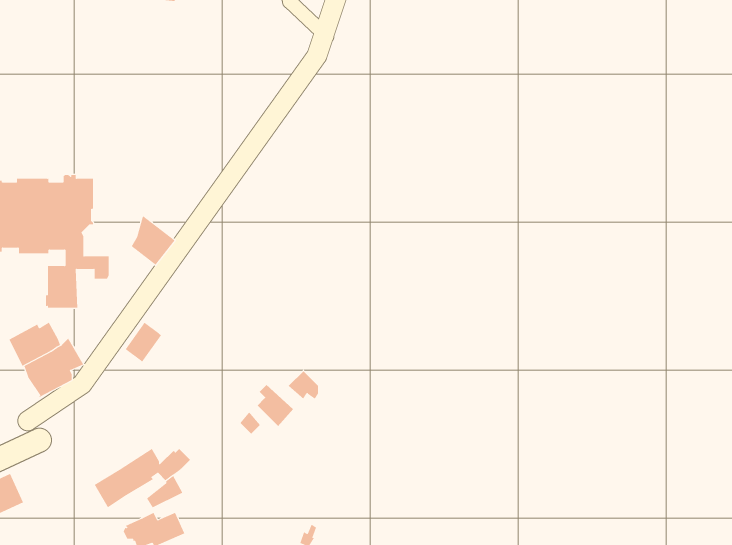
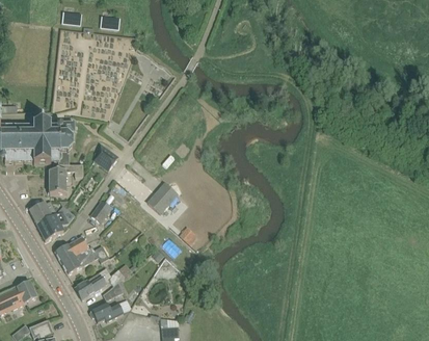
building: none -> [148,182,177,212]
building: none -> [54,236,108,273]

